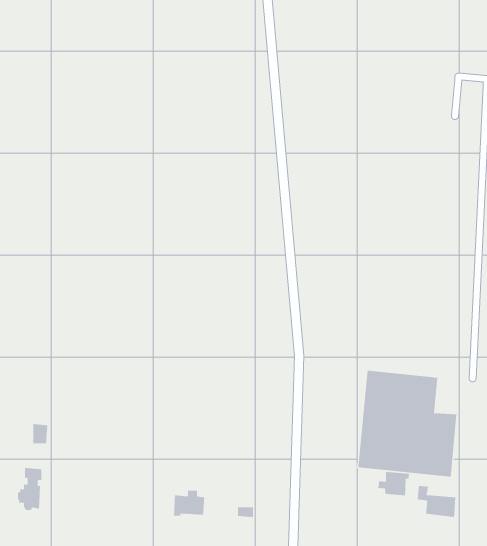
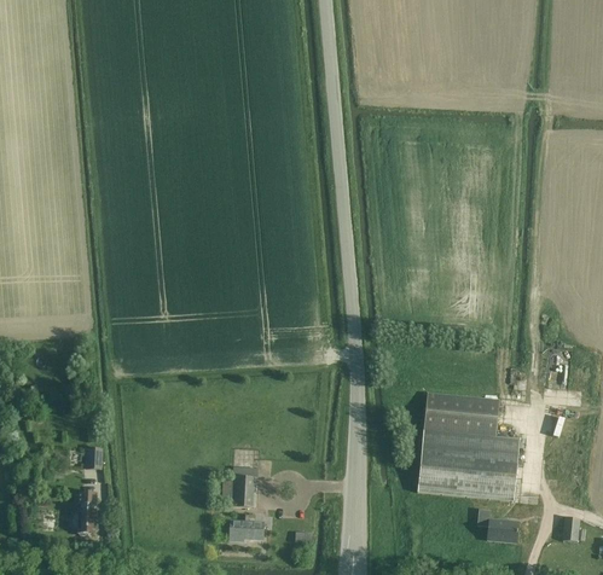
building: none -> [232,465,259,506]
building: [378,471,410,496] -> none

